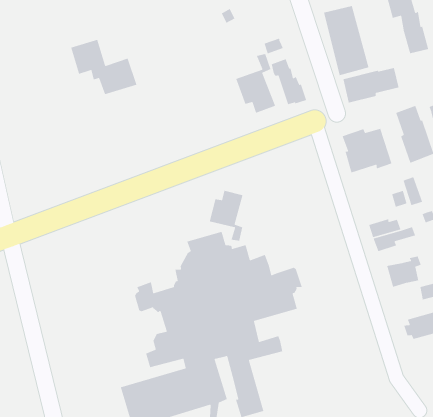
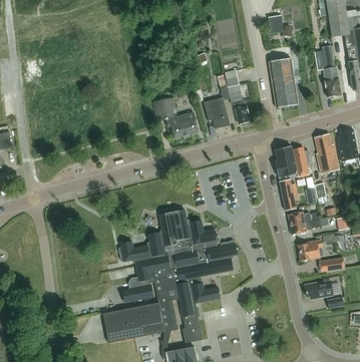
building: [70,39,138,95] -> [153,97,199,137]
building: [343,67,399,104] -> none
building: none -> [279,177,299,210]
building: [209,190,244,242] -> none

